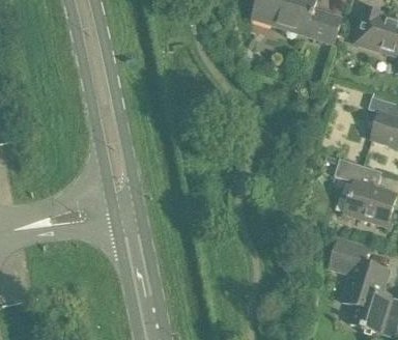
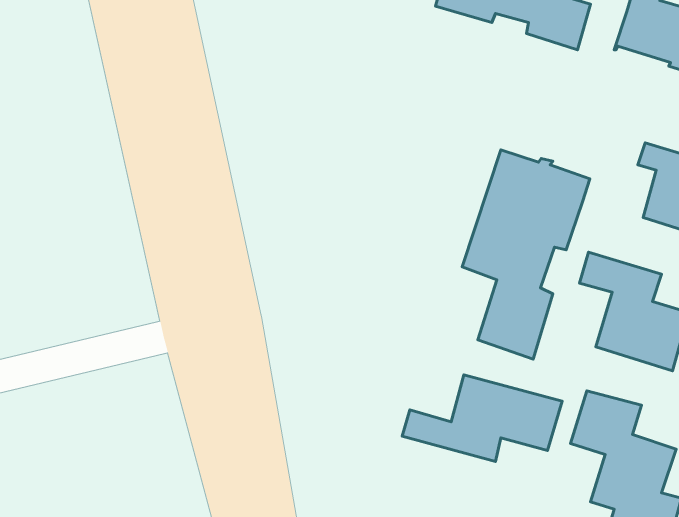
building: none -> [462,150,590,359]
building: none -> [402,375,562,462]

